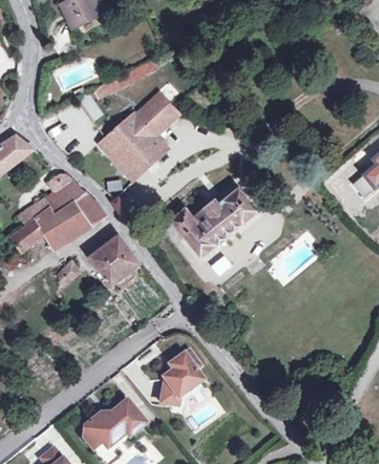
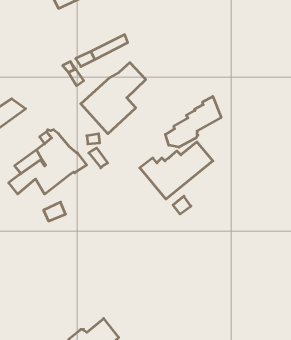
building: none -> [165,96,221,147]
building: [91,234,140,285] -> none
building: [161,350,202,405] -> none

